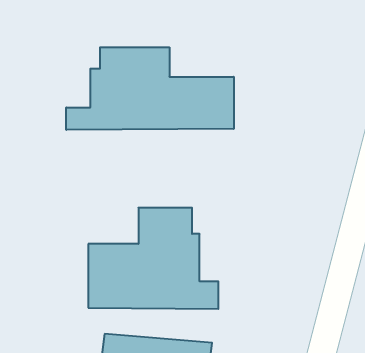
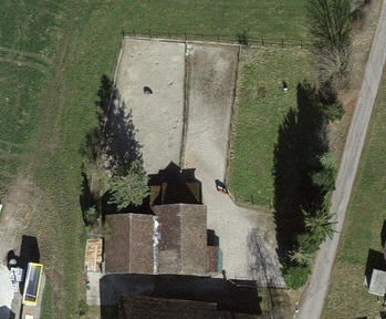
building: [66,47,234,130] -> none

